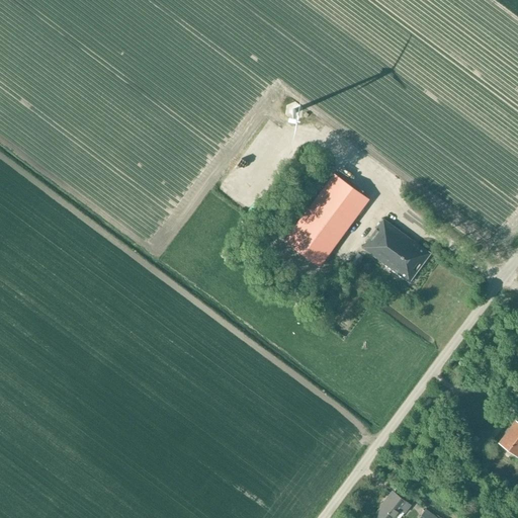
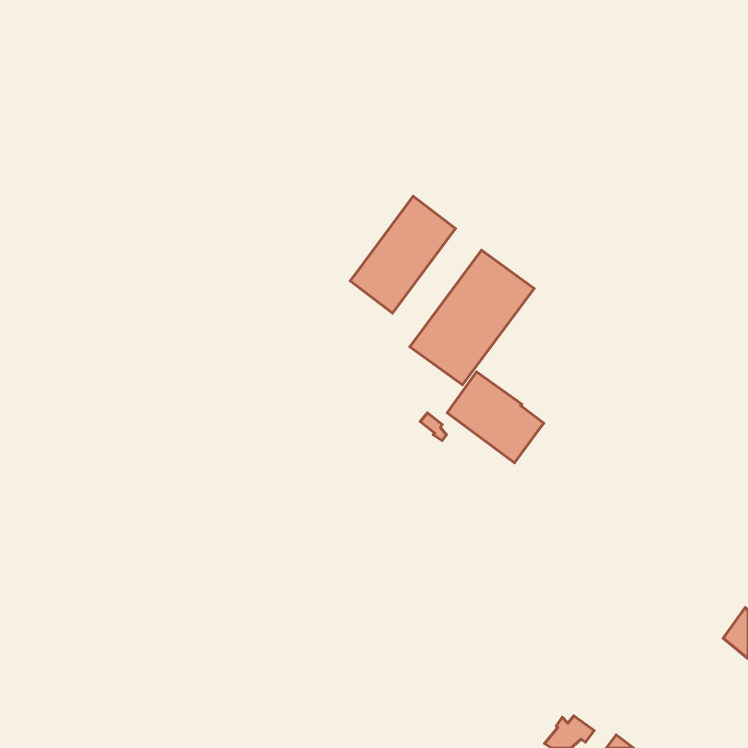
building: none -> [350,196,456,313]
building: [362,219,429,281] -> [447,372,544,463]

